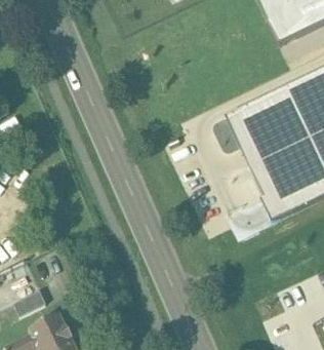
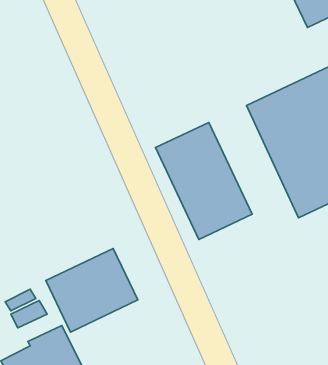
building: none -> [155,122,252,239]
building: none -> [46,248,138,332]

